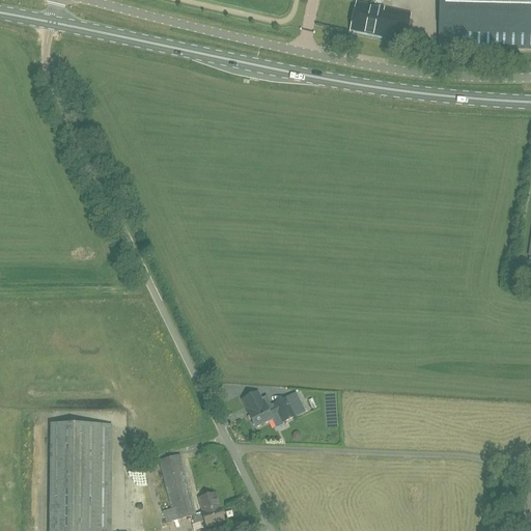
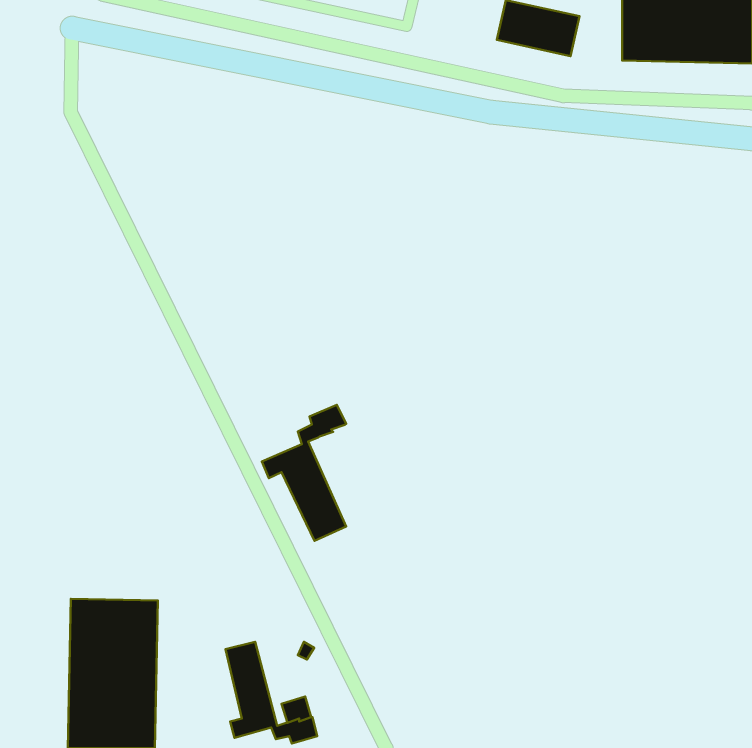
building: none -> [262,405,346,541]
building: [242,391,296,424] -> none

